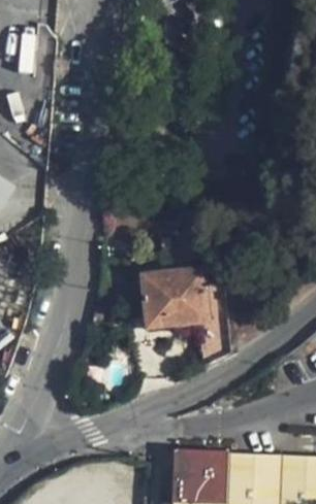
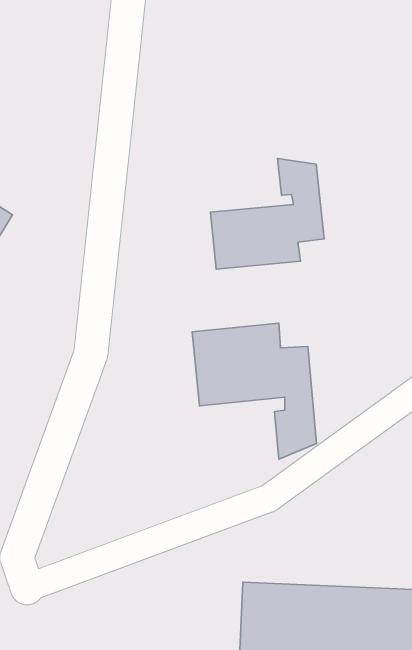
building: none -> [211,158,324,269]

